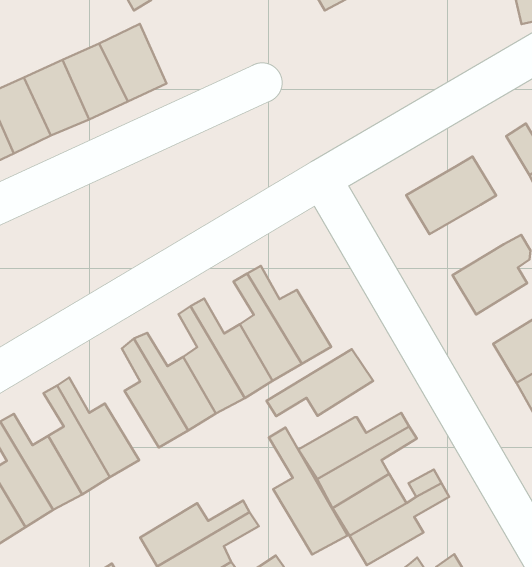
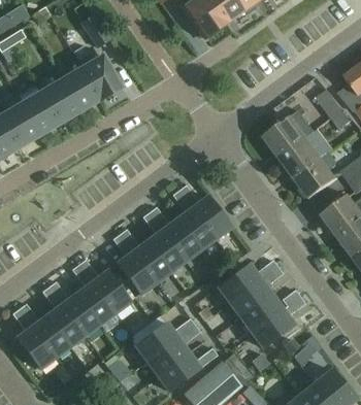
building: none -> [278,137,321,178]
building: [266,349,373,416] -> none
building: [269,427,347,555] -> none

